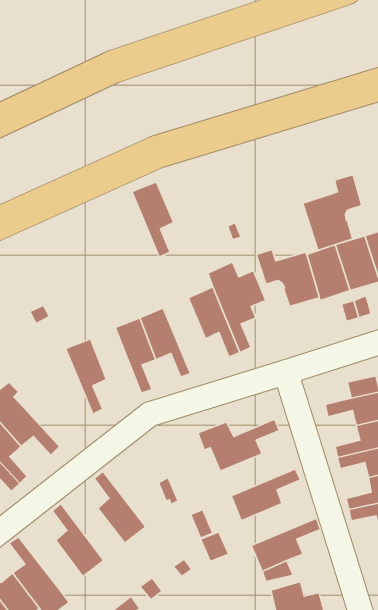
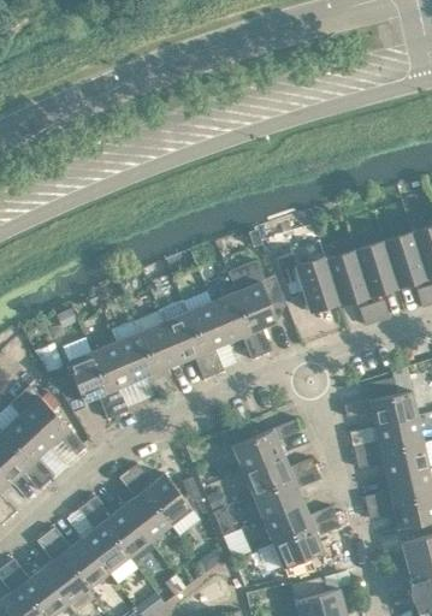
building: [303,174,362,250] -> none
building: [132,182,174,257] -> [187,302,227,375]
building: none -> [116,331,165,399]
building: none -> [63,351,118,419]
building: none -> [242,454,315,494]
building: none -> [128,463,191,525]
building: none -> [87,496,149,557]
building: none -> [262,502,336,543]
building: none -> [46,527,108,588]

